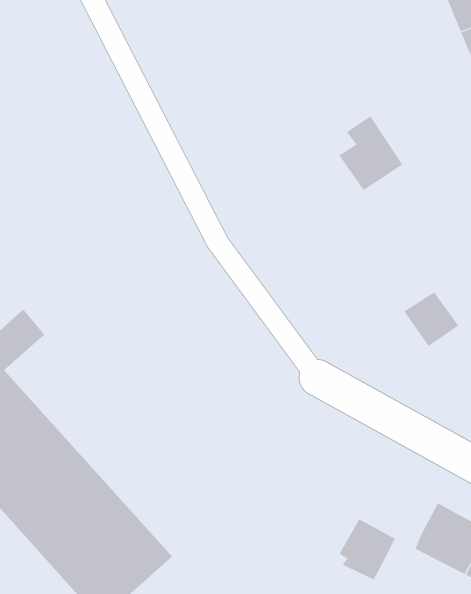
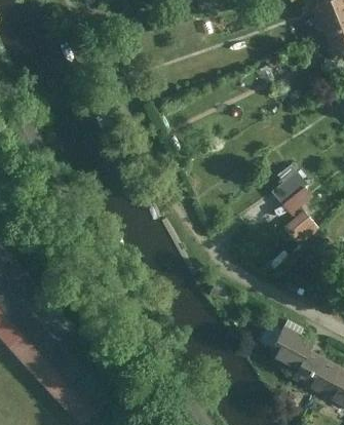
building: [338,115,403,191] -> [270,162,313,212]
building: [339,519,396,580] -> [272,331,310,372]

